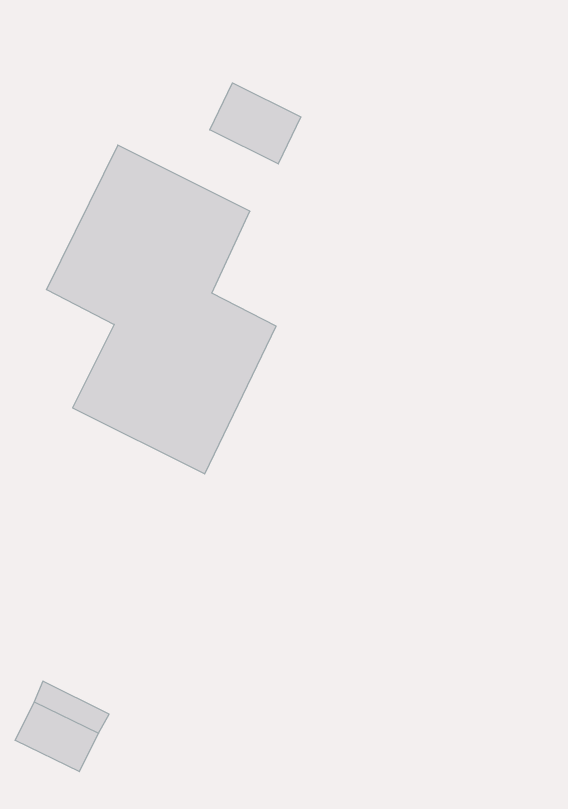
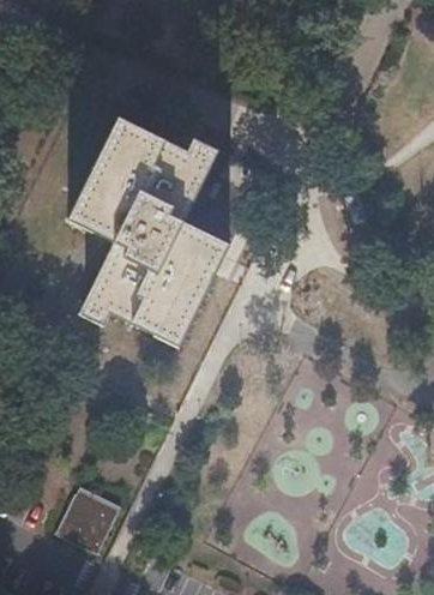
building: [210,83,301,164] -> none

